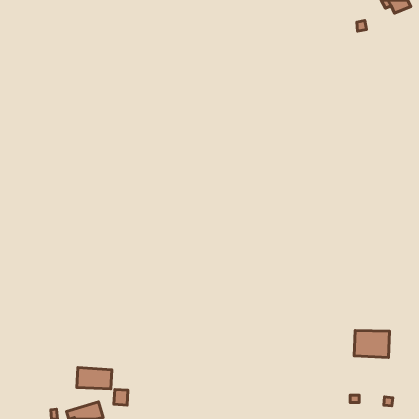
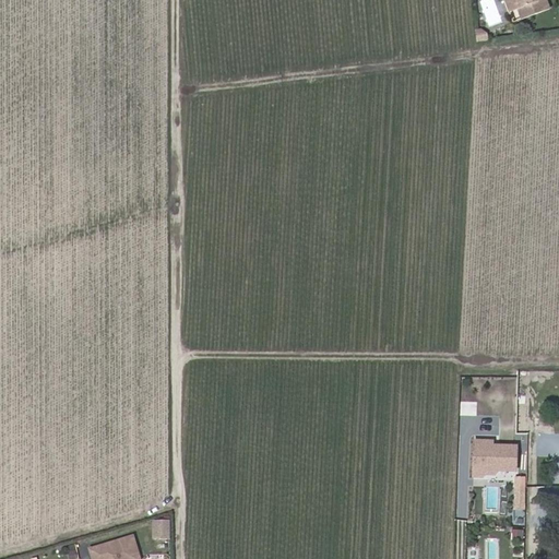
building: [77,368,112,389] -> none

